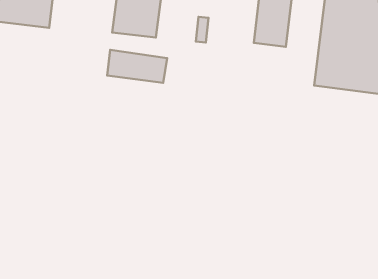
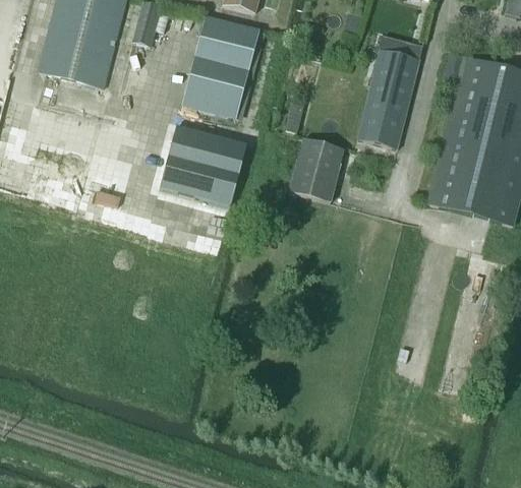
building: none -> [289,137,344,201]
building: none -> [160,157,237,206]

